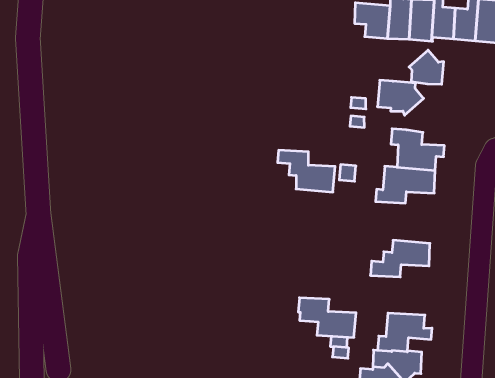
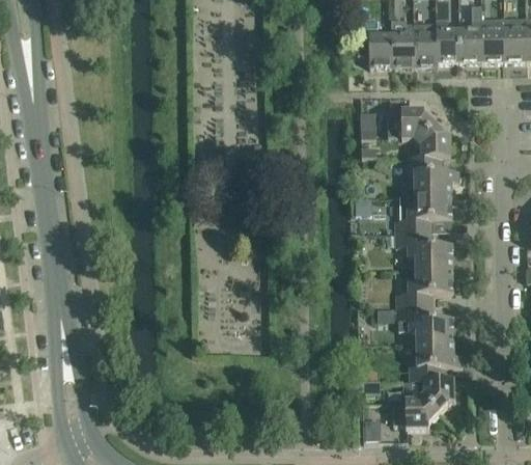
building: [409,50,444,84] -> [417,124,451,158]
building: [278,150,335,192] -> [395,230,453,269]
building: [298,298,356,337] -> [396,305,454,343]

